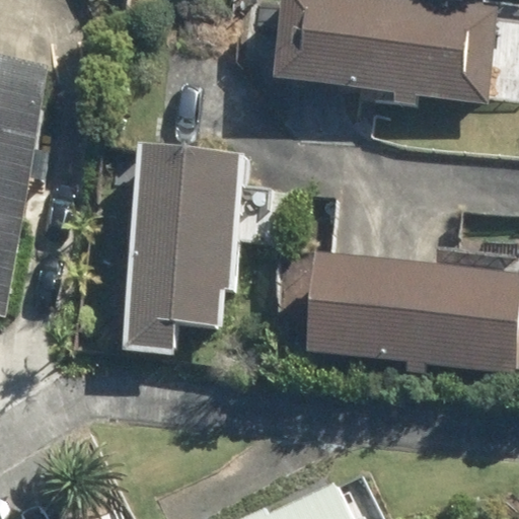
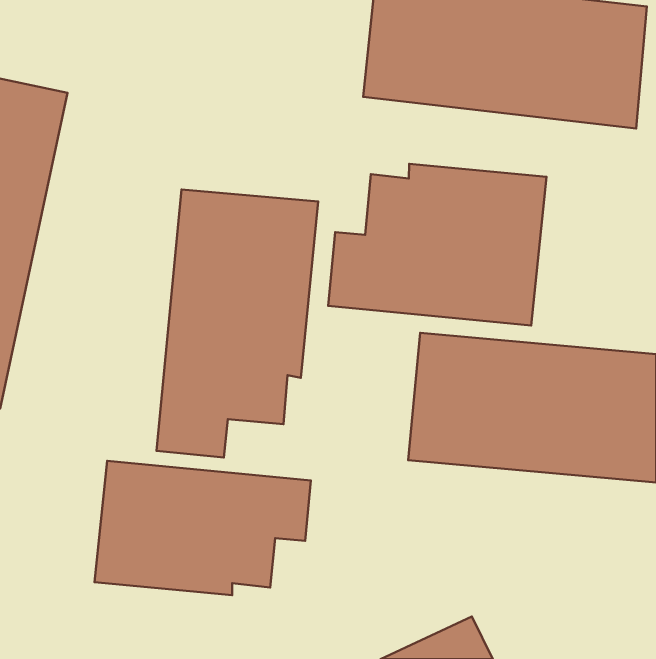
building: none -> [328,164,546,325]
building: none -> [94,461,311,595]

